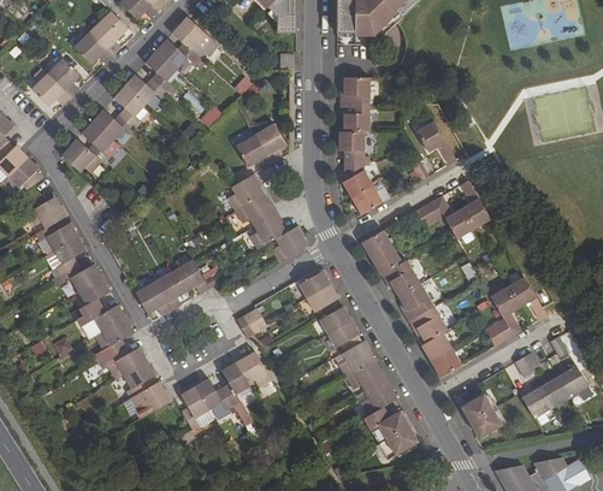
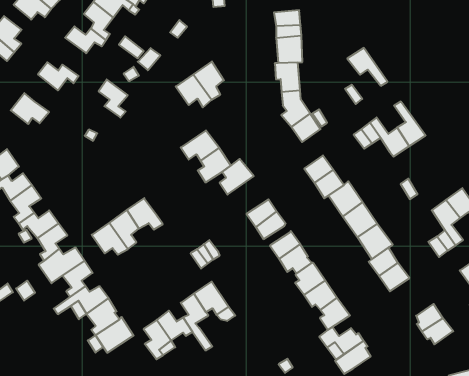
building: [114,85,144,126] -> [99,79,128,118]
building: [82,122,112,162] -> none
building: [227,174,262,209] -> none

